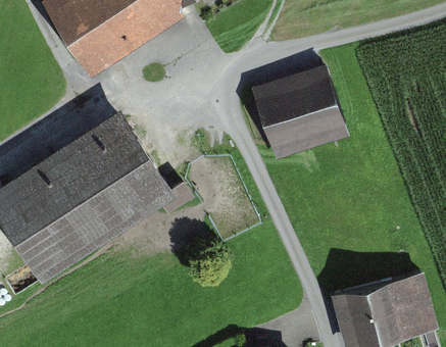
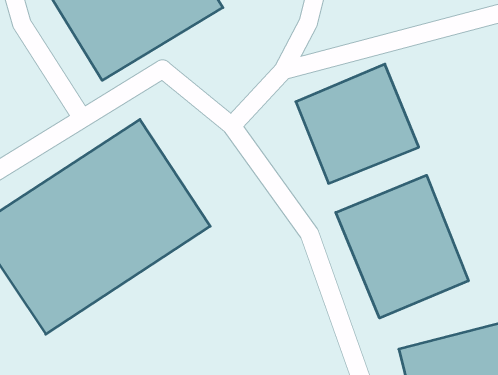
building: none -> [336,175,468,318]

